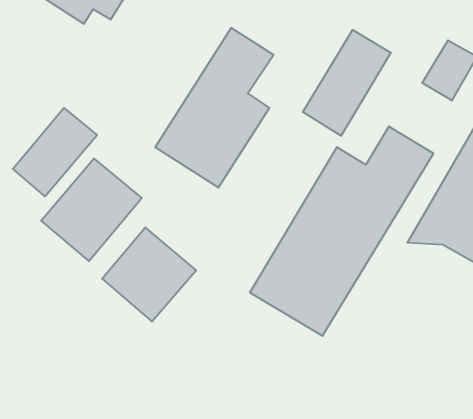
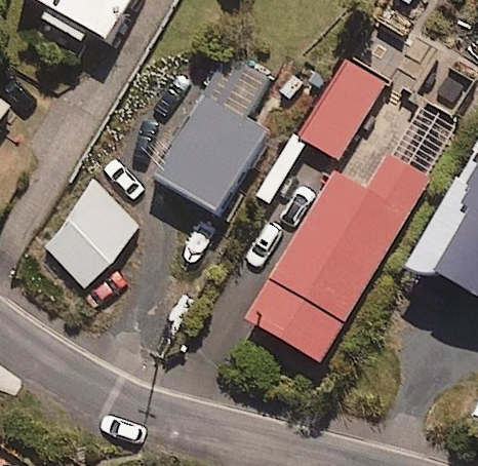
building: [13,108,97,196] -> none
building: [102,227,196,322] -> none

